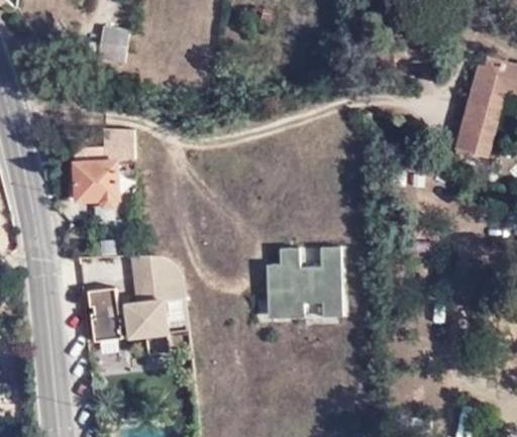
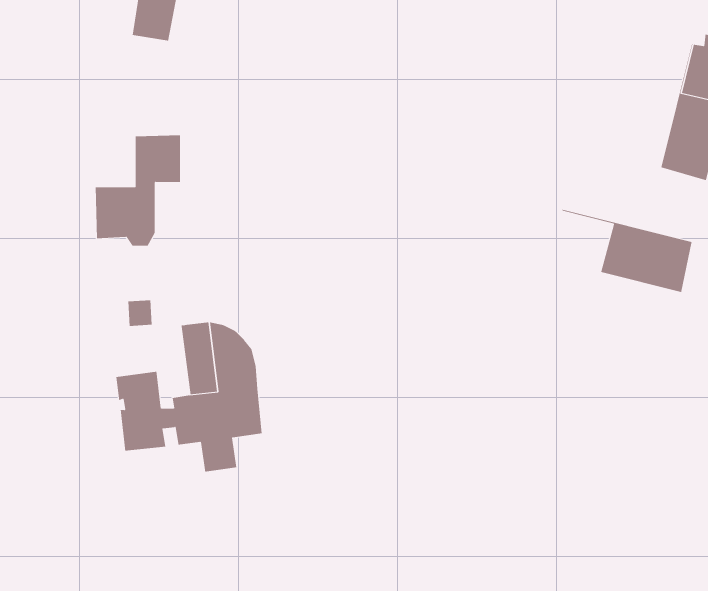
building: none -> [562,209,692,293]
building: [267,246,341,317] -> none

